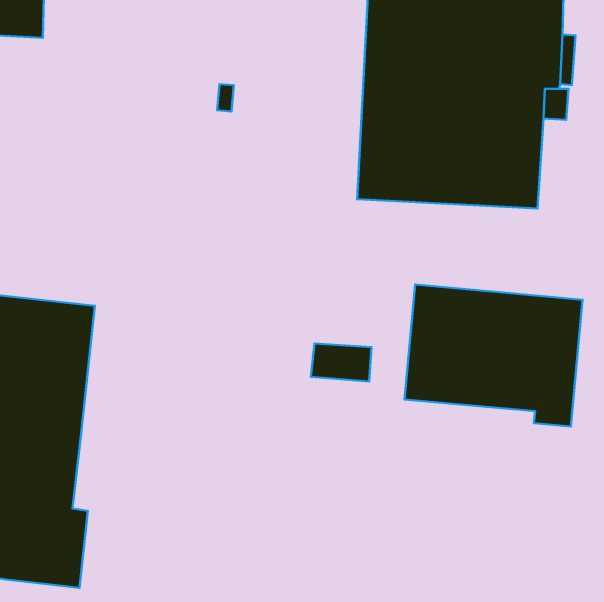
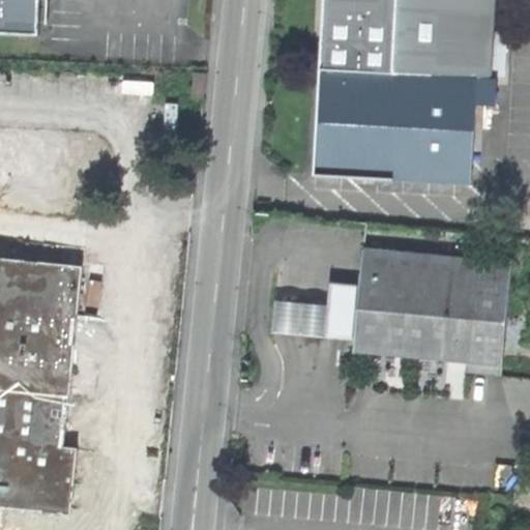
building: none -> [325,282,355,335]

